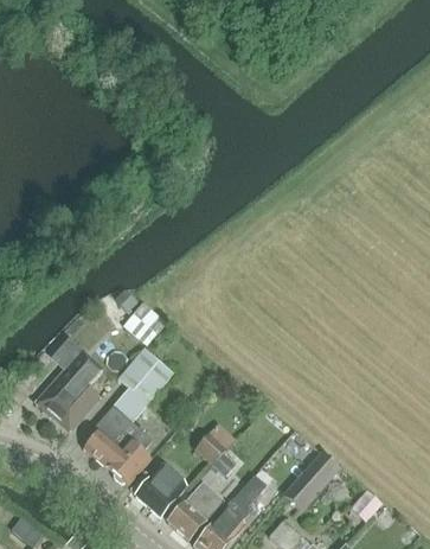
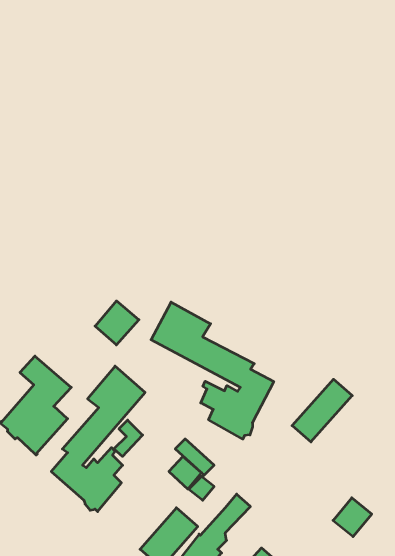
building: none -> [151,302,274,439]
building: [282,454,339,513] -> [292,379,352,442]
building: [130,466,185,518] -> none

